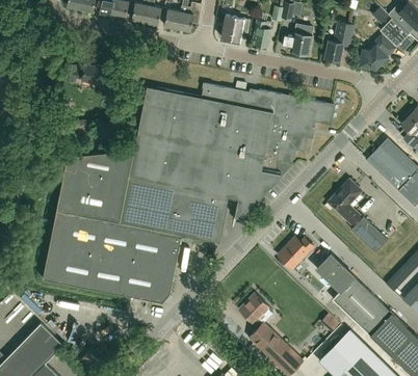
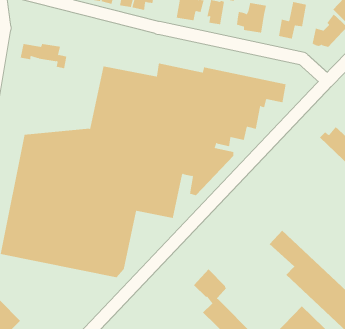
building: [326,180,387,253] -> none
building: [277,237,313,269] -> none

